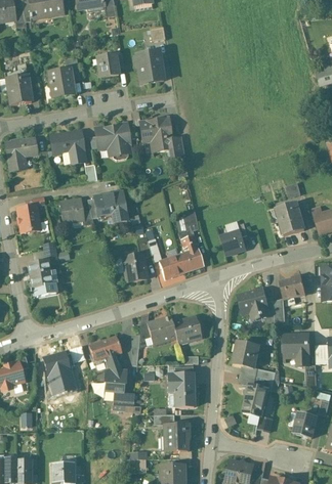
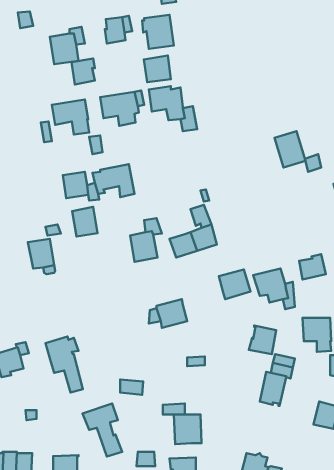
building: [5,75,31,105] -> none
building: none -> [144,56,171,82]
building: none -> [72,59,95,85]
building: [5,139,36,171] -> none
building: [276,202,304,235] -> [275,131,305,168]
building: [16,206,40,233] -> [72,207,97,236]
building: [220,231,245,255] -> none
building: [171,316,201,344] -> [219,270,251,299]
building: [88,337,125,386] -> [83,404,122,456]
building: [174,383,194,407] -> none

